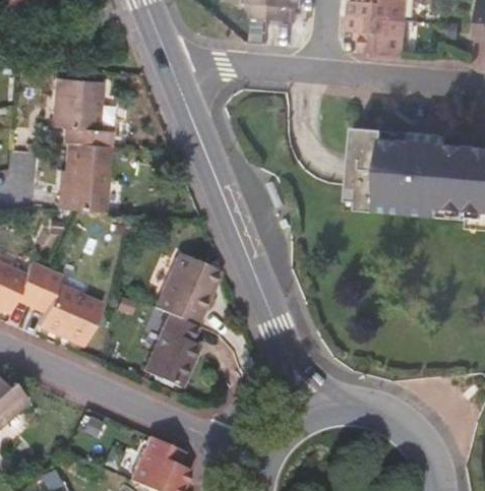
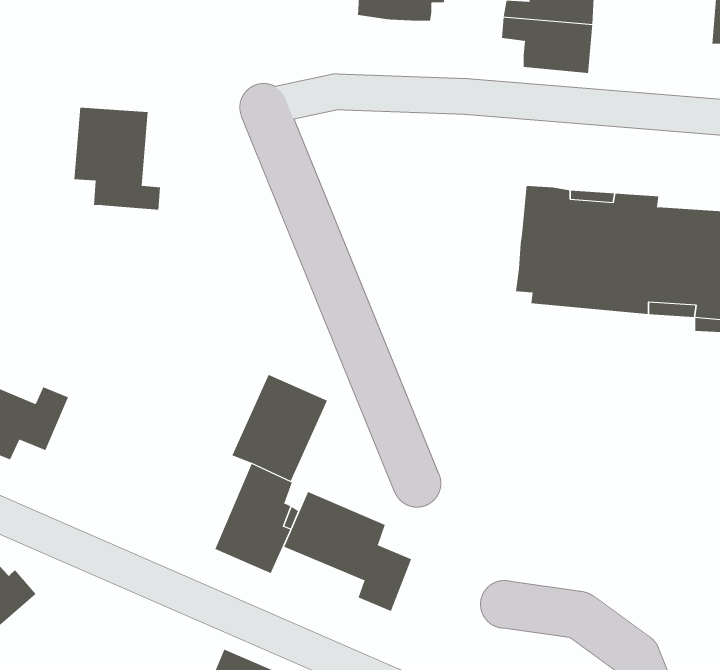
building: [61,142,110,213] -> none
building: [35,269,104,344] -> none
building: none -> [283,491,412,612]

